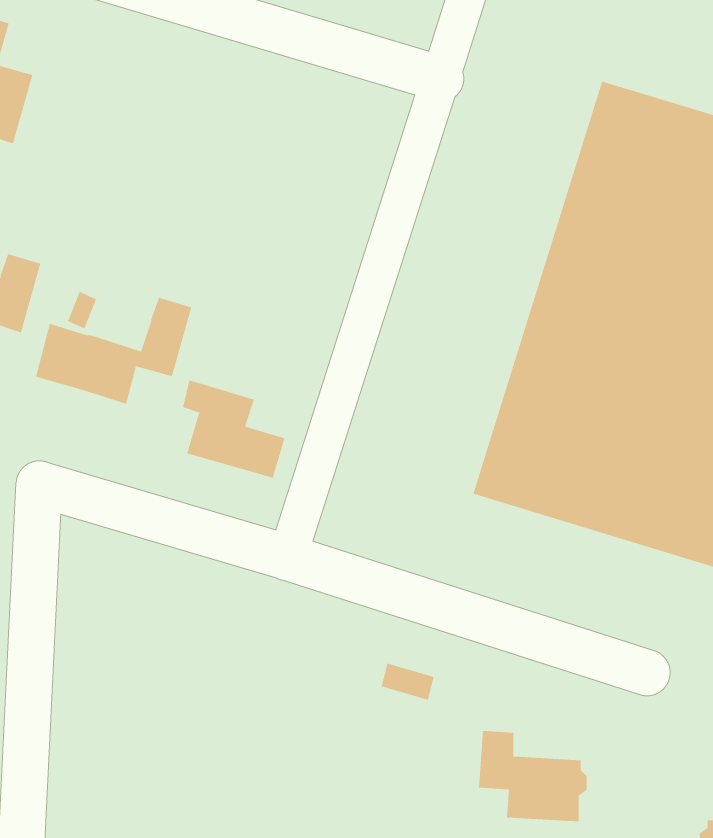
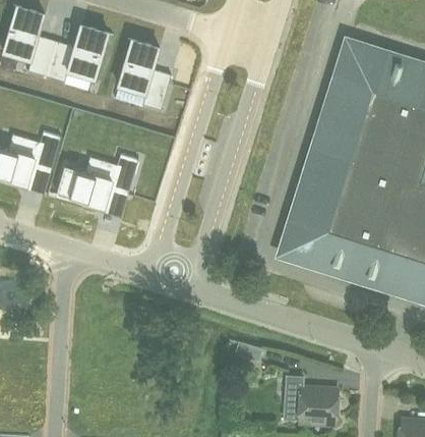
building: none -> [46,24,108,80]
building: none -> [117,39,171,109]
building: [182,380,285,479] -> none

